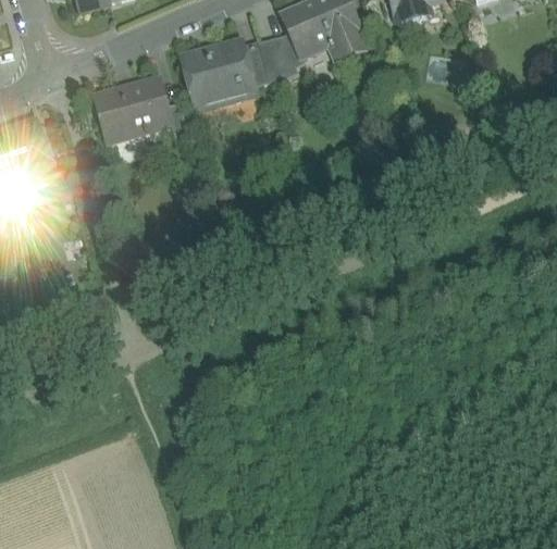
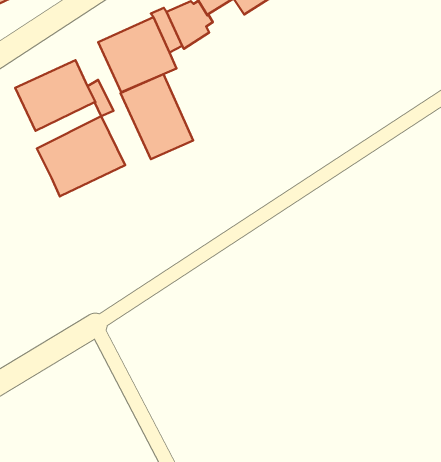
building: none -> [121,74,193,159]
building: none -> [37,116,125,197]

